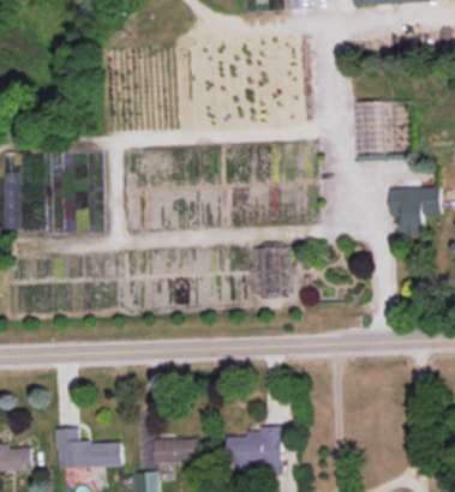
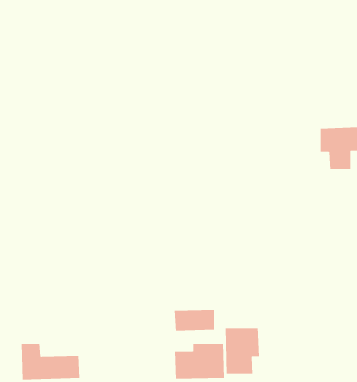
building: none -> [225,328,259,374]
building: [152,439,198,463] -> [174,309,215,331]

